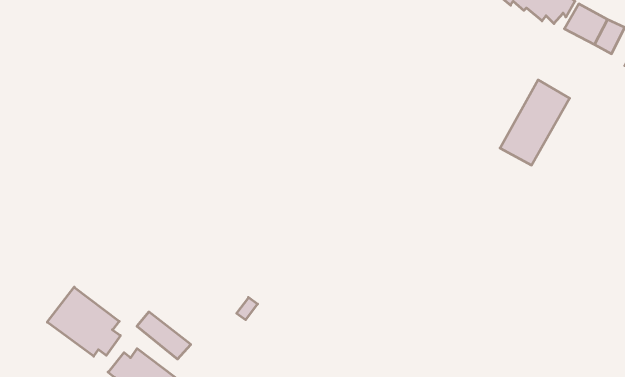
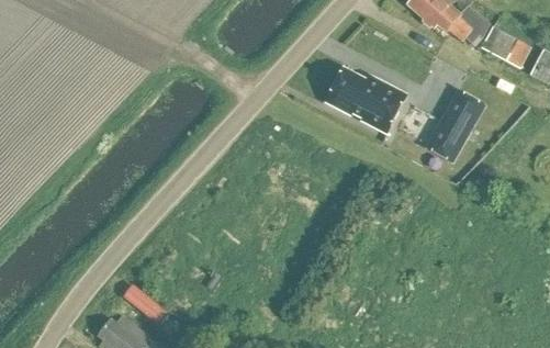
building: none -> [326,68,406,133]
building: [47,287,120,356] -> none

